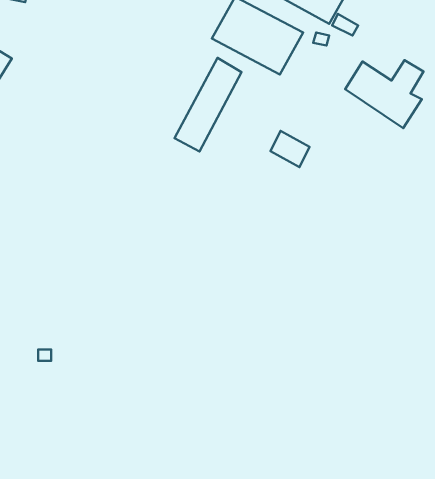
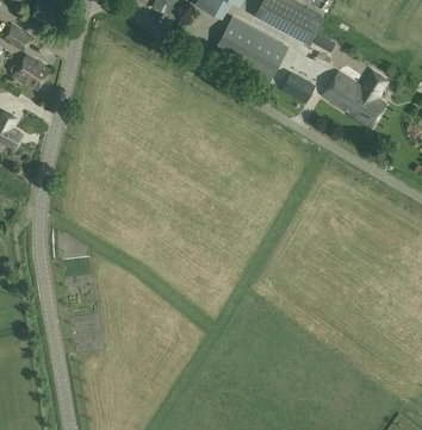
building: [174,58,242,151] -> none
building: [270,131,310,167] -> [283,74,315,104]

